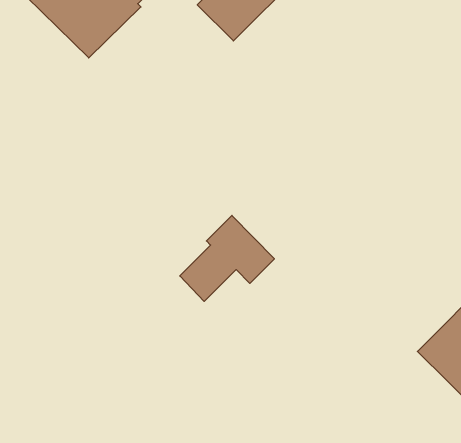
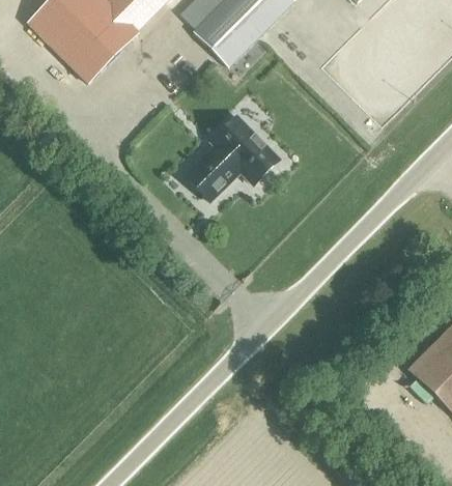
building: [180,215,274,301] -> [185,115,277,199]

